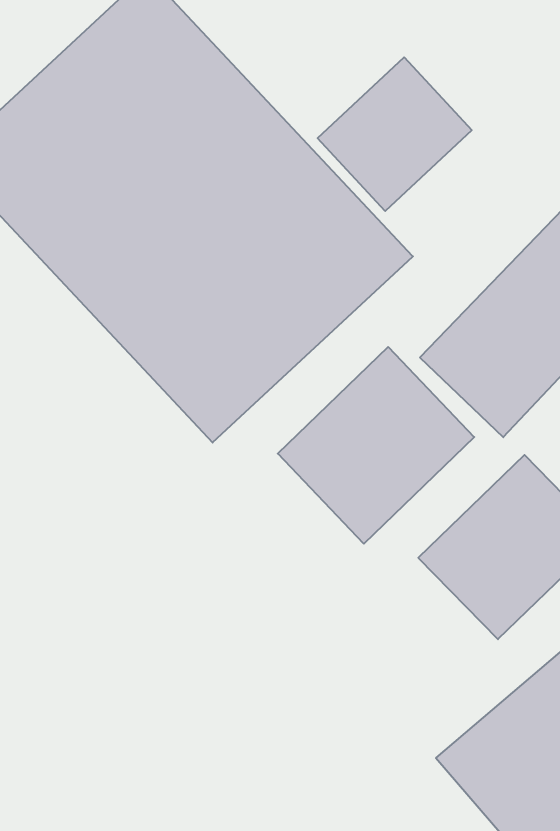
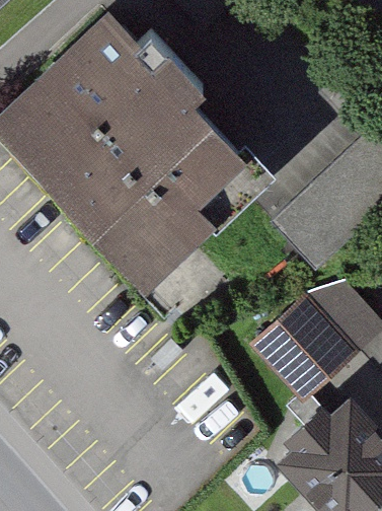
building: [318,57,472,211] -> none
building: [278,347,474,544] -> none

